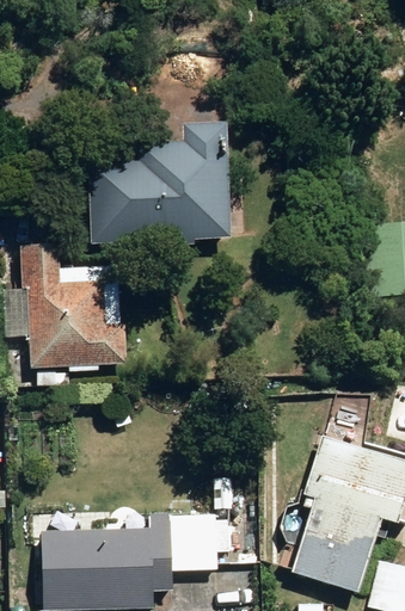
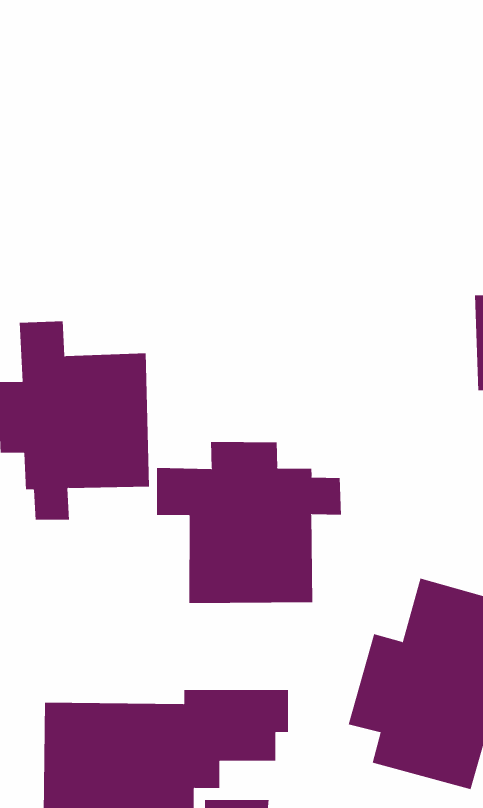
building: [93,119,231,243] -> none
building: none -> [157,441,341,604]

